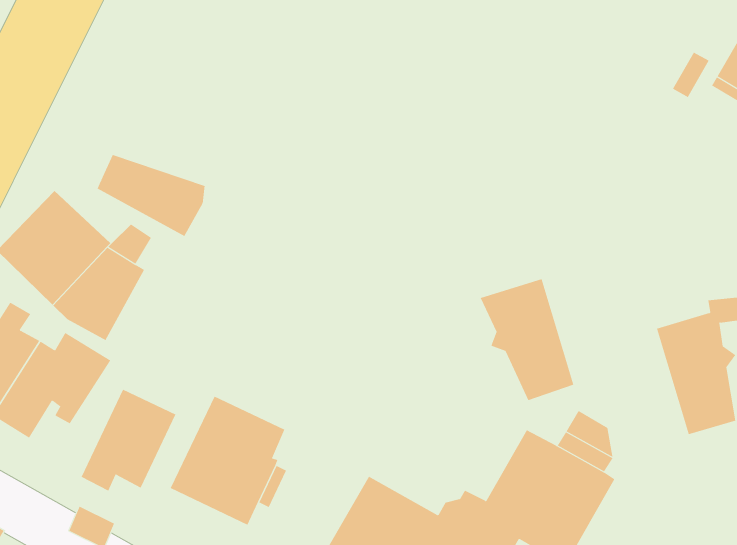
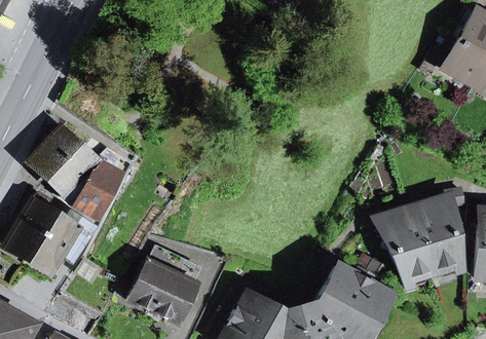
building: [97,154,205,237] -> none
building: [480,278,574,401] -> [377,208,432,278]
building: [81,389,176,491] -> none

